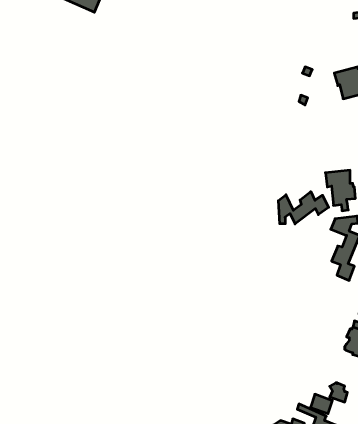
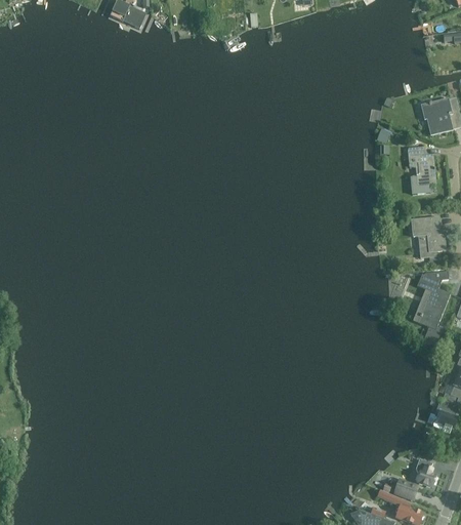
building: none -> [407,146,435,194]
building: [278,192,329,224] -> none

